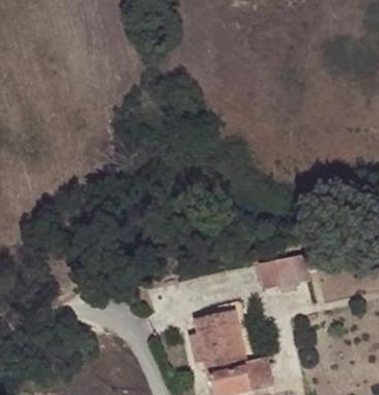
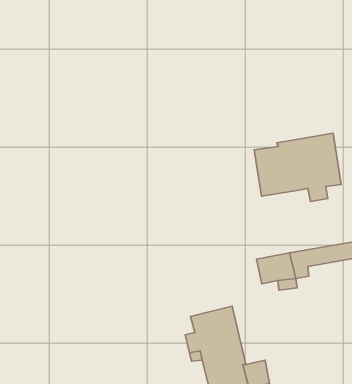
building: none -> [254,133,341,201]

